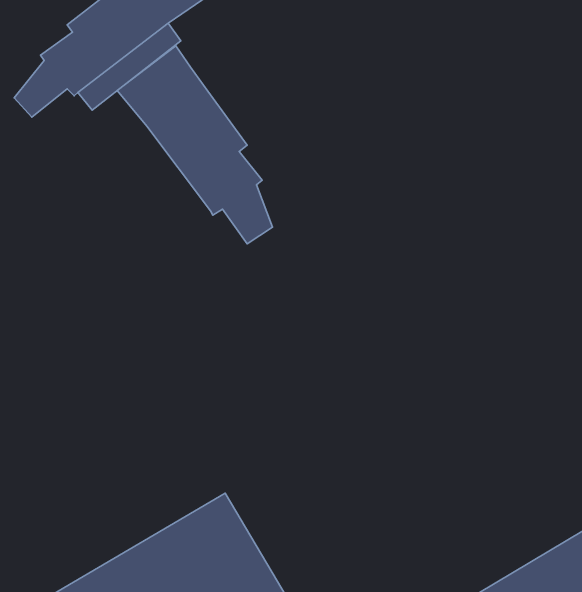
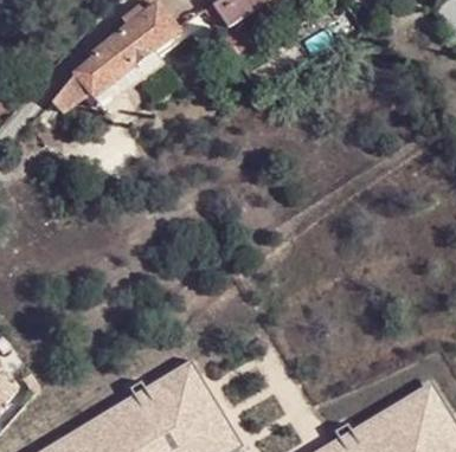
building: [117,46,272,244] -> none

